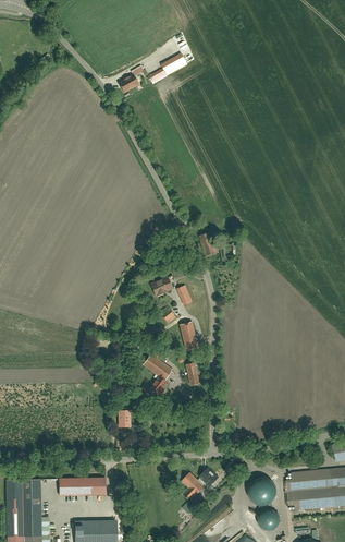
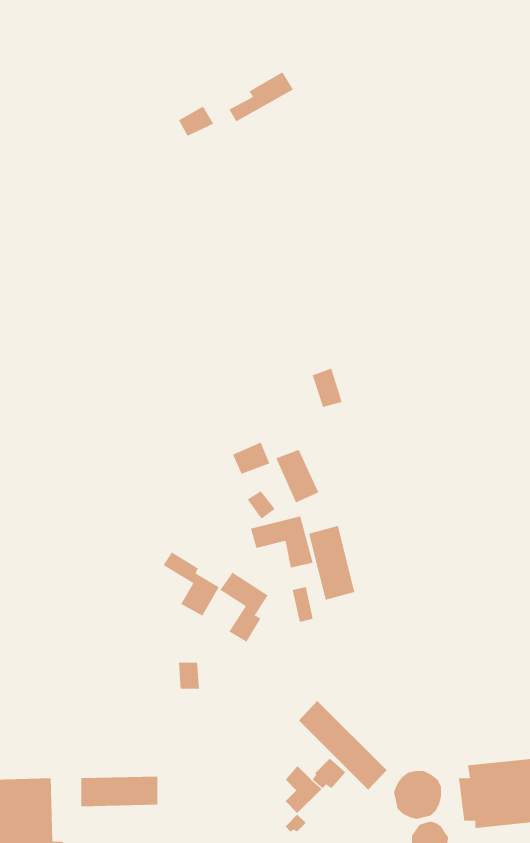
building: none -> [309,525,355,601]
building: none -> [163,552,219,616]
building: none -> [298,700,387,791]

